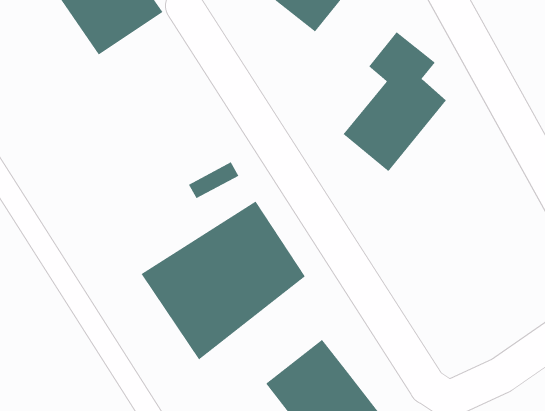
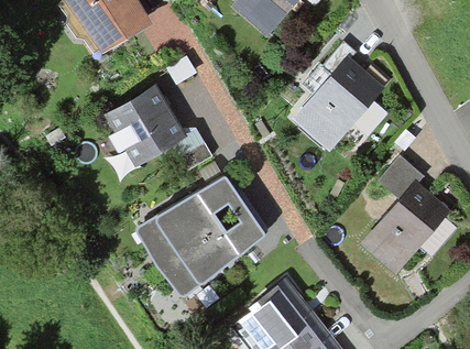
building: none -> [100,85,186,167]
building: none -> [364,152,451,273]

